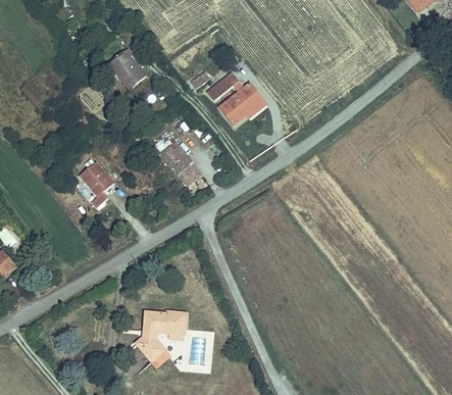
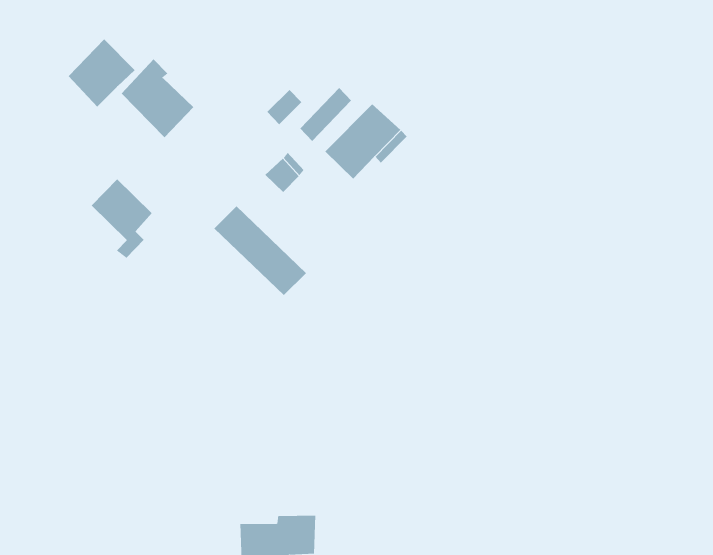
building: none -> [68,38,135,108]
building: [80,162,113,207] -> [91,179,153,259]

